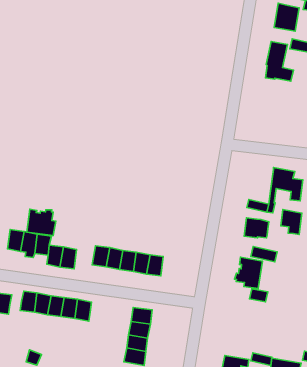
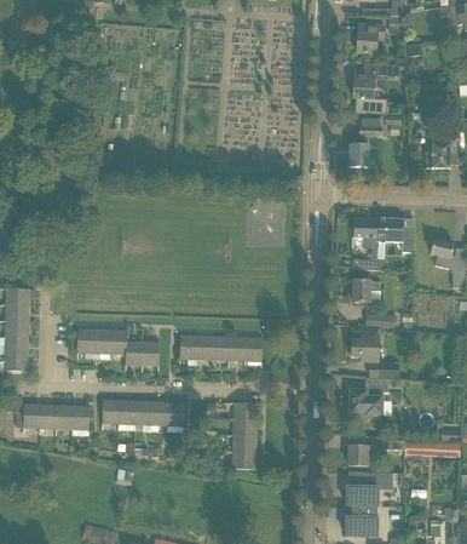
building: none -> [350,126,381,166]
building: [27,209,56,236] -> none
building: [281,210,302,234] -> [354,218,377,245]
building: none -> [350,378,388,418]

